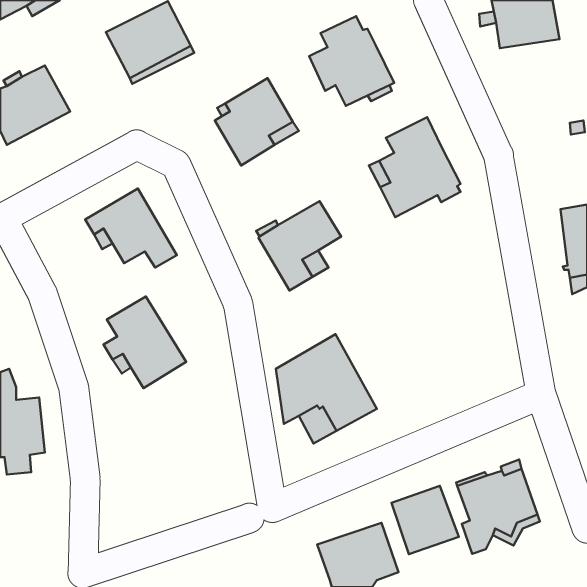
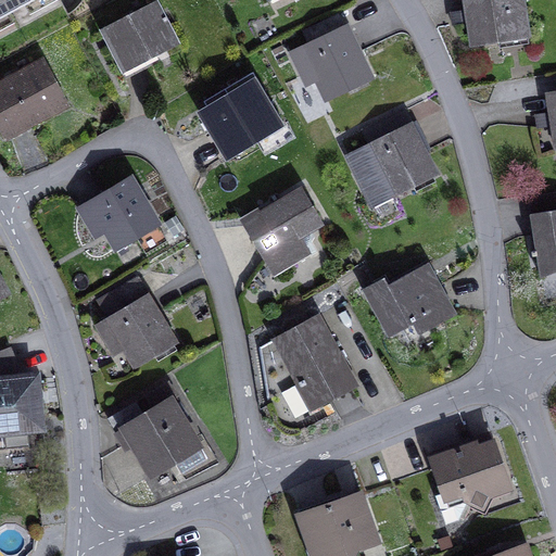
building: none -> [363,264,457,337]
building: none -> [109,383,206,473]
building: [391,486,459,554] -> none

